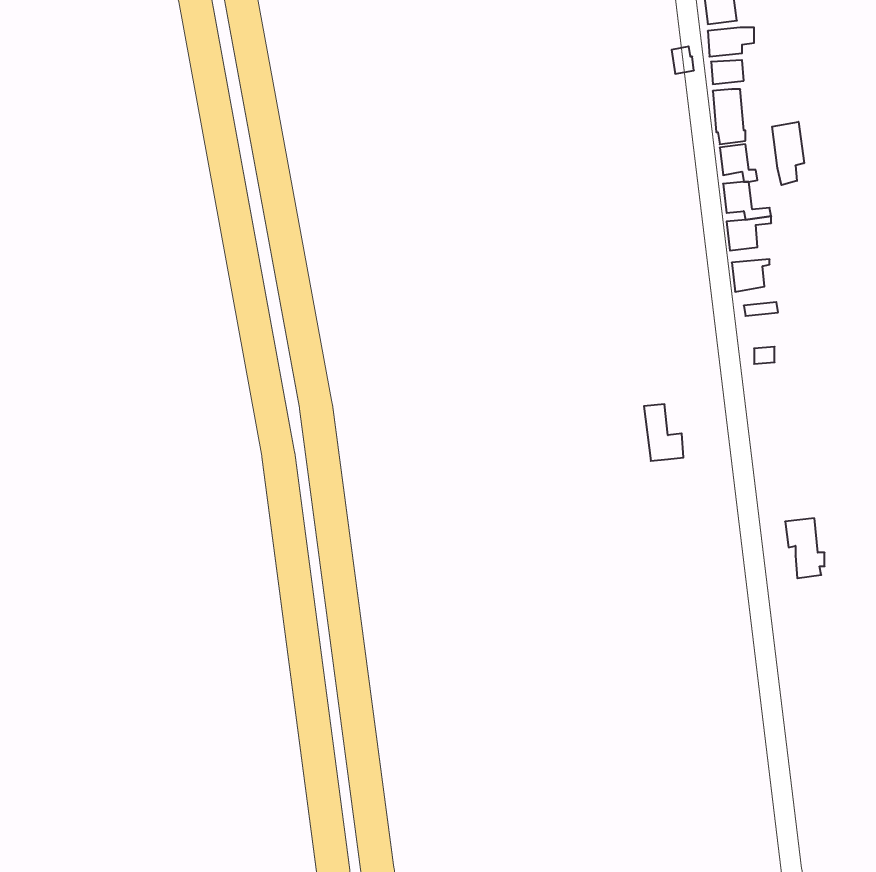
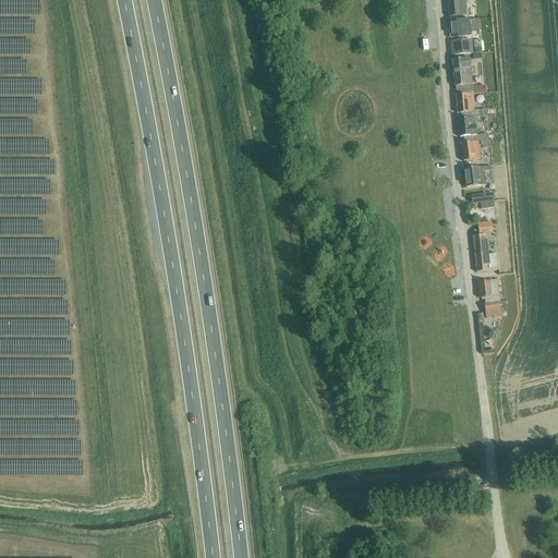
building: [772,122,804,185] -> none
building: [644,404,683,461] -> [474,233,499,269]
building: [785,518,825,578] -> [480,278,505,316]

